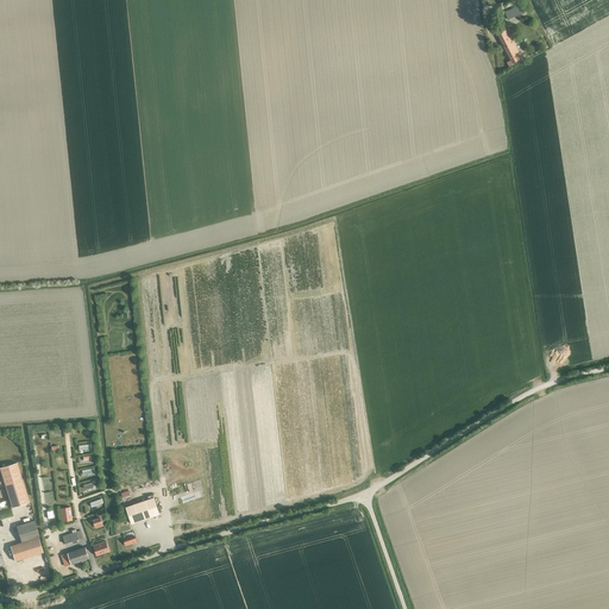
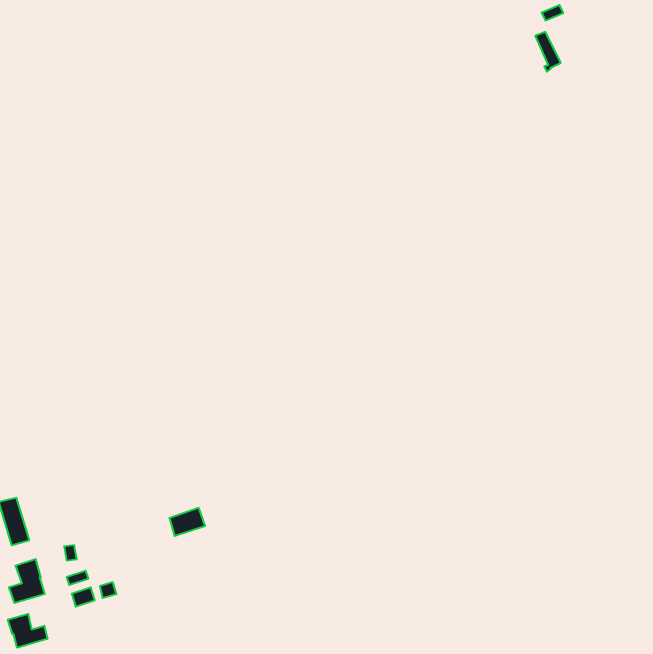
building: [125,497,158,523] -> [169,508,205,536]
building: none -> [8,614,47,648]

